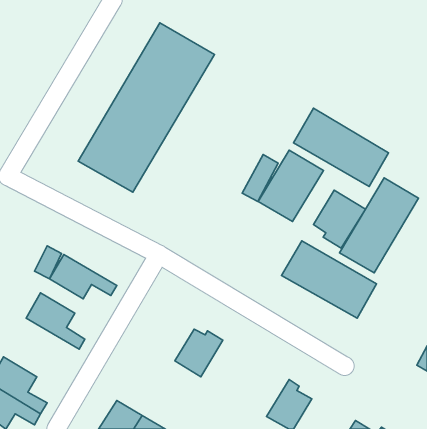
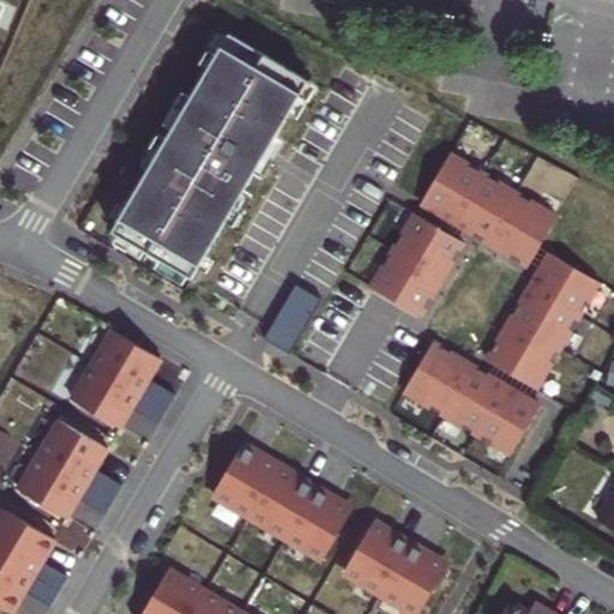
building: [242,155,278,202] -> [271,282,323,349]
building: [313,190,366,248] -> none
building: none -> [91,329,175,408]
building: none -> [212,441,277,516]
building: none -> [17,455,113,517]
building: none -> [287,486,350,560]
building: none -> [343,526,413,595]

